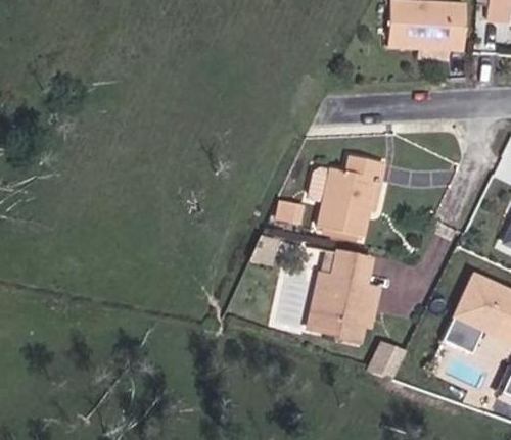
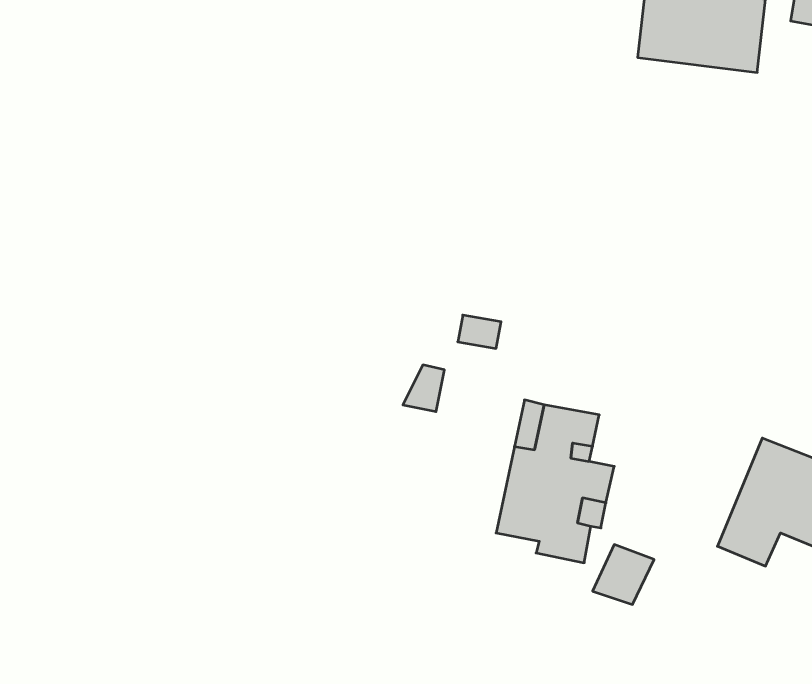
building: [314,152,385,232] -> none

